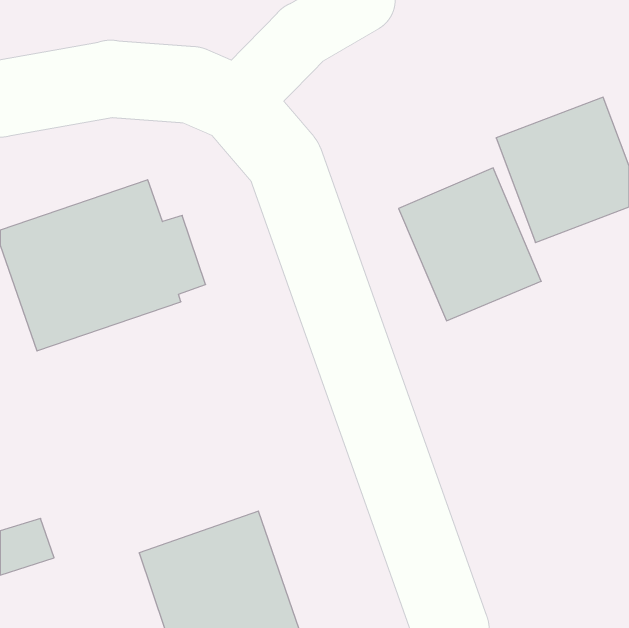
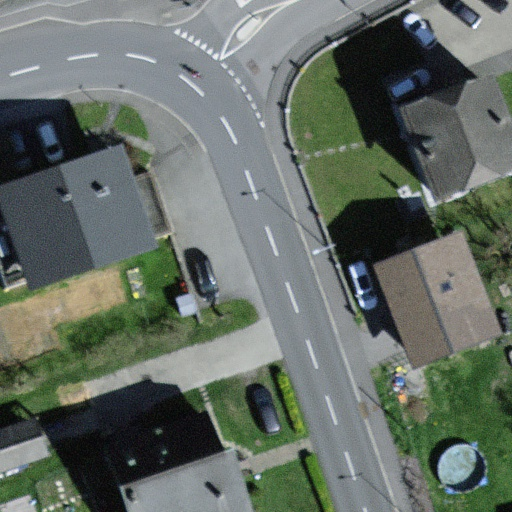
building: [399,168,541,321] -> [378,238,494,362]

